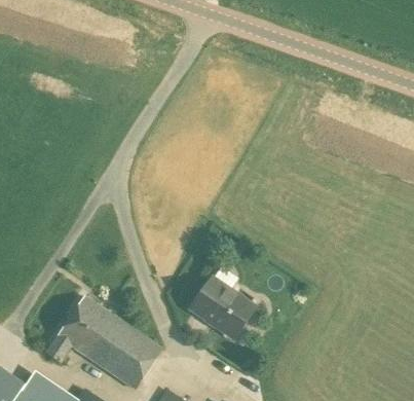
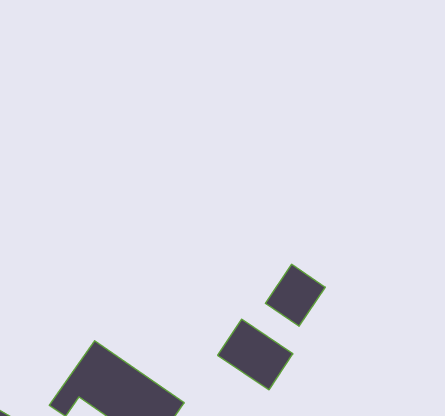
building: none -> [265,264,325,326]

